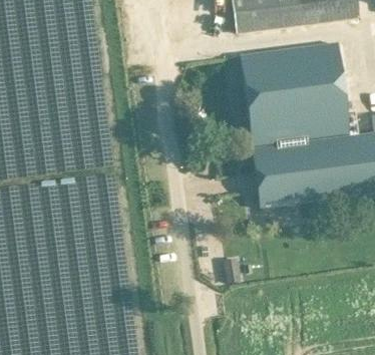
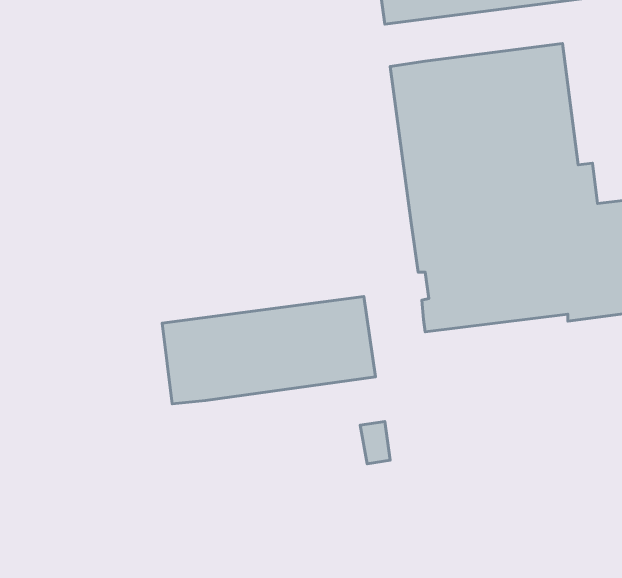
building: none -> [162,297,375,404]

